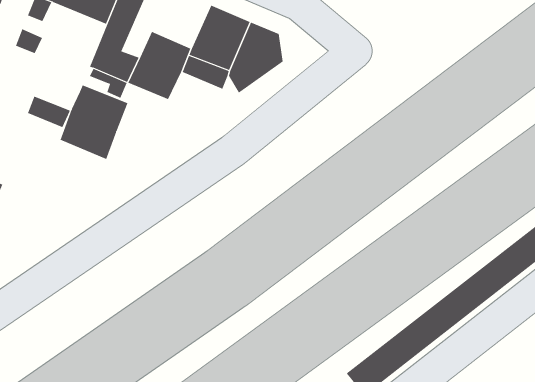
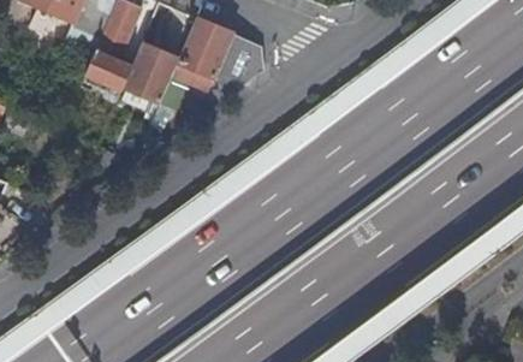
building: [60,84,128,160] -> none

